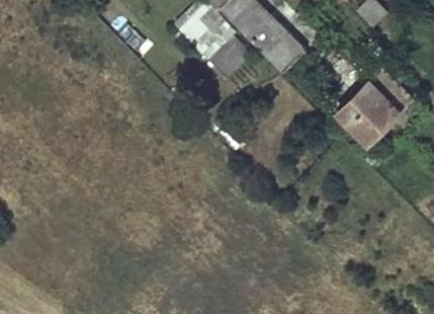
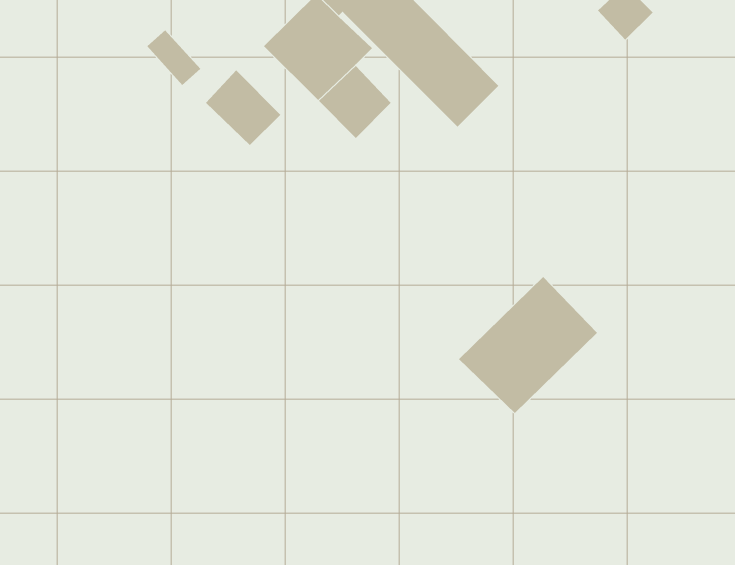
building: none -> [205,70,281,146]
building: [338,68,413,142] -> [458,276,598,414]

